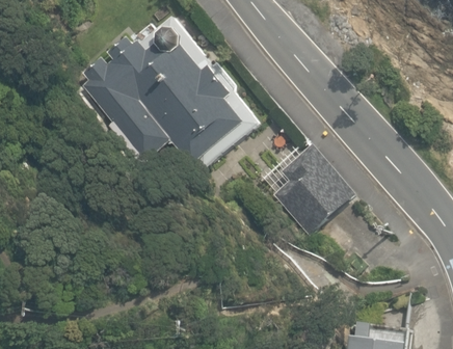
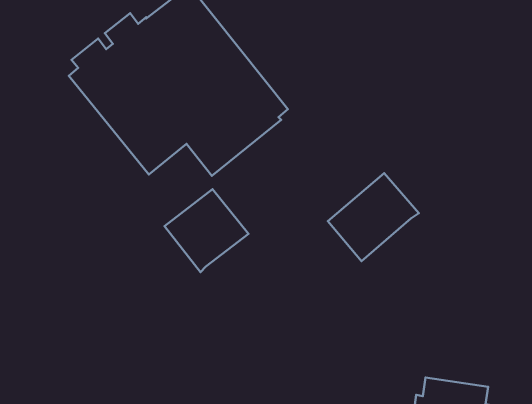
building: none -> [164,189,249,272]

